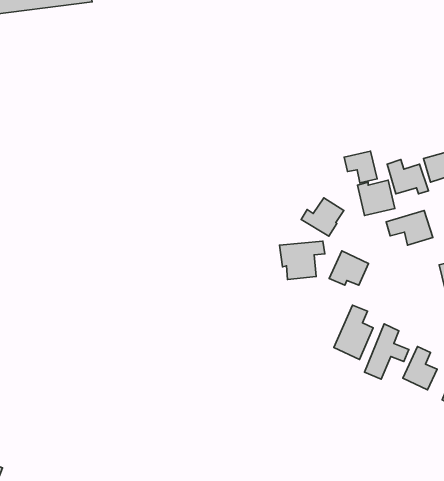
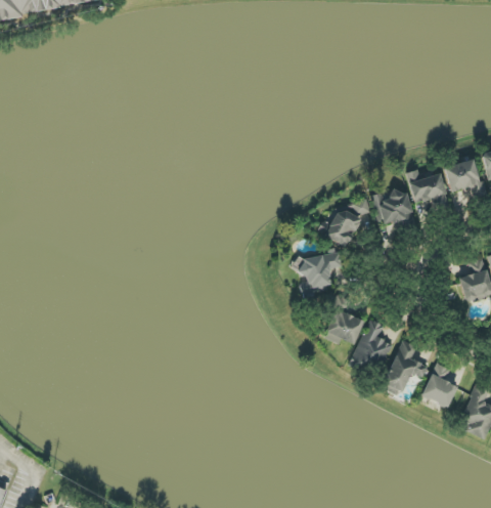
building: [344,151,377,183] -> none
building: [386,210,433,245] -> none
building: [329,251,369,285] -> [323,307,364,343]

